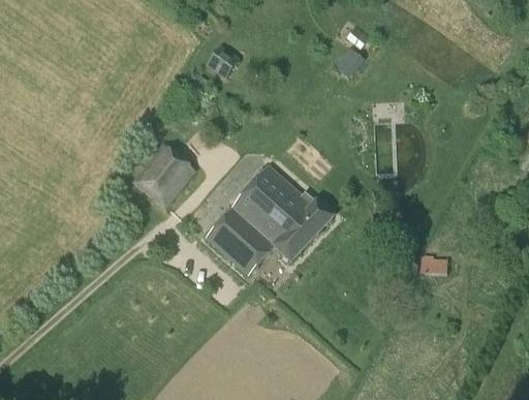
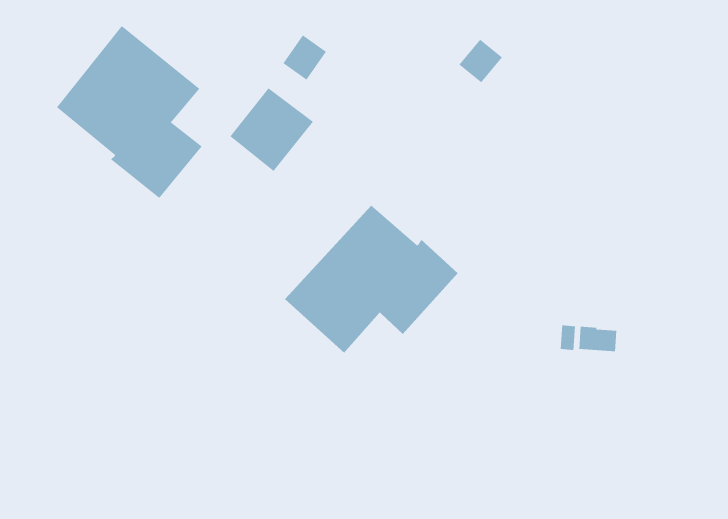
building: none -> [56,25,202,199]
building: [132,145,193,206] -> [230,87,314,172]

